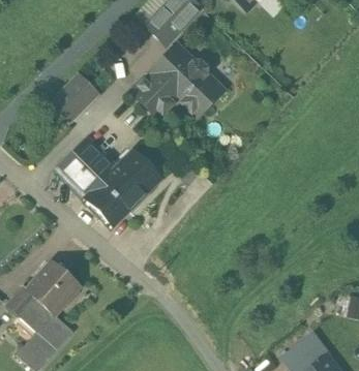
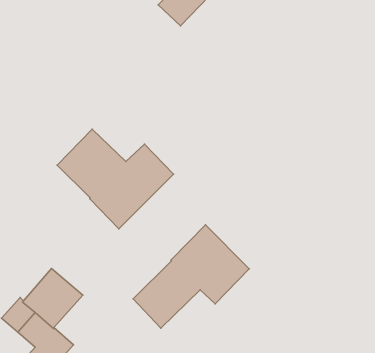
building: [131,45,223,120] -> none
building: [53,75,97,120] -> none
building: none -> [133,225,249,328]

